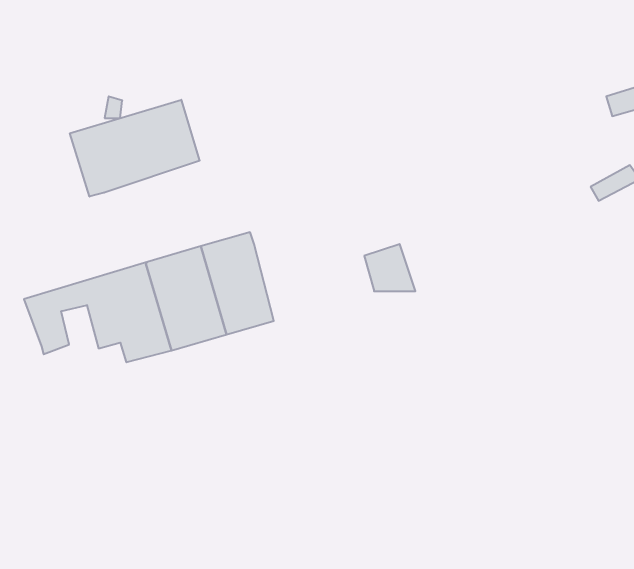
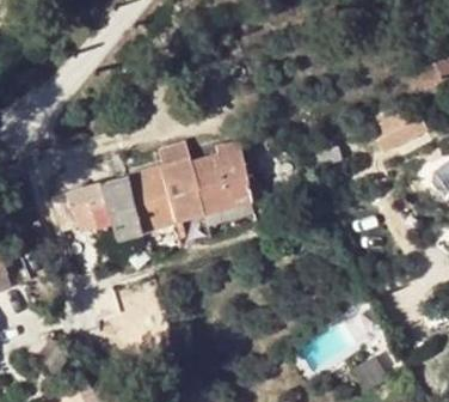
building: [70,100,200,197] -> none
building: none -> [191,144,252,213]

